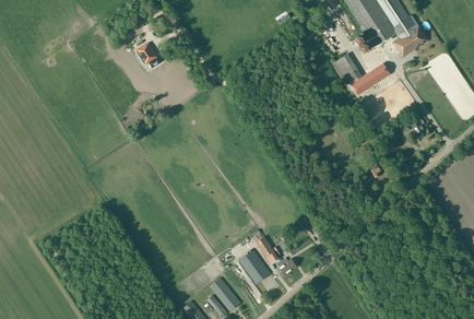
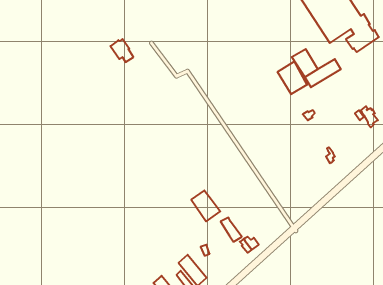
building: none -> [278,62,307,94]
building: [239,250,271,284] -> [191,190,220,221]

